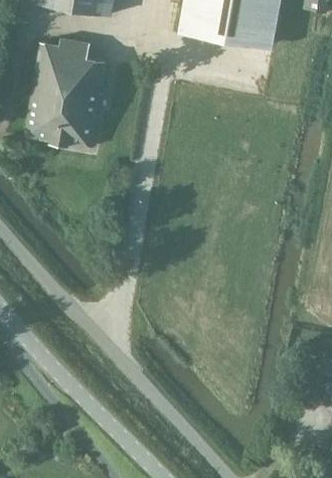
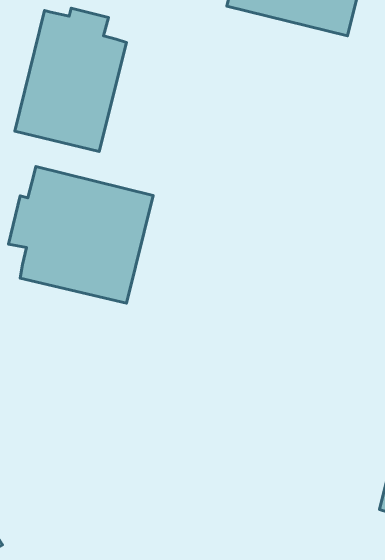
building: none -> [8,166,153,303]

